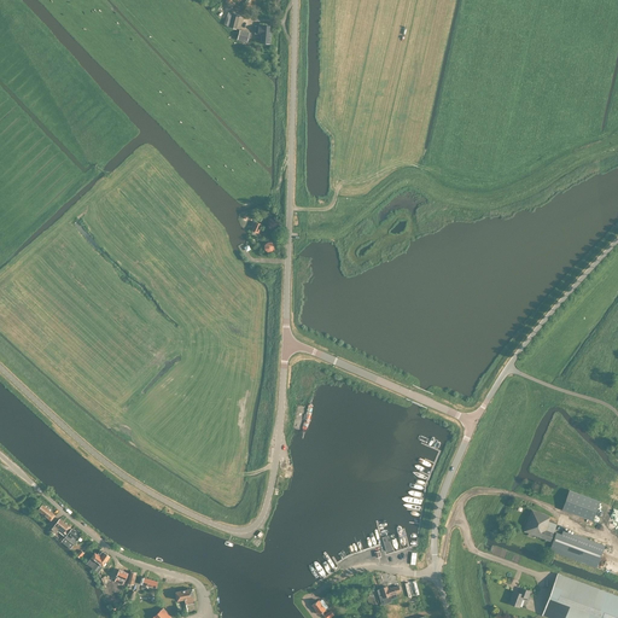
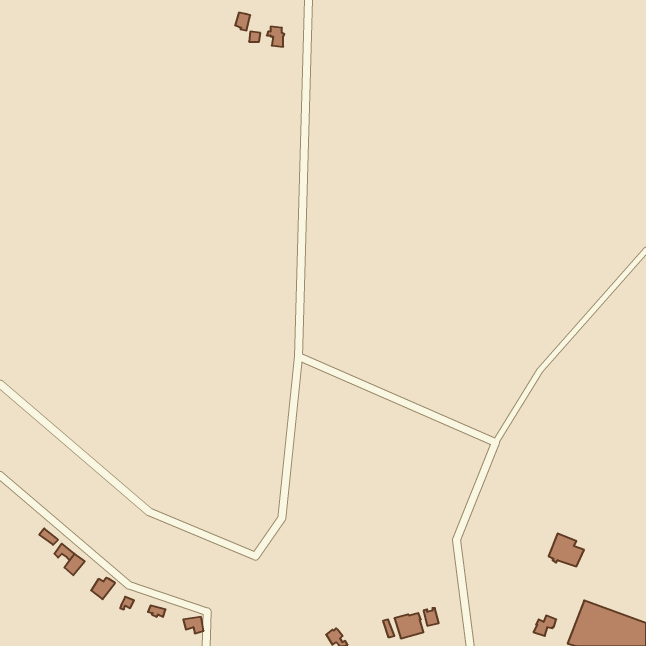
building: [562,492,600,523] -> none
building: [549,530,605,569] -> none

